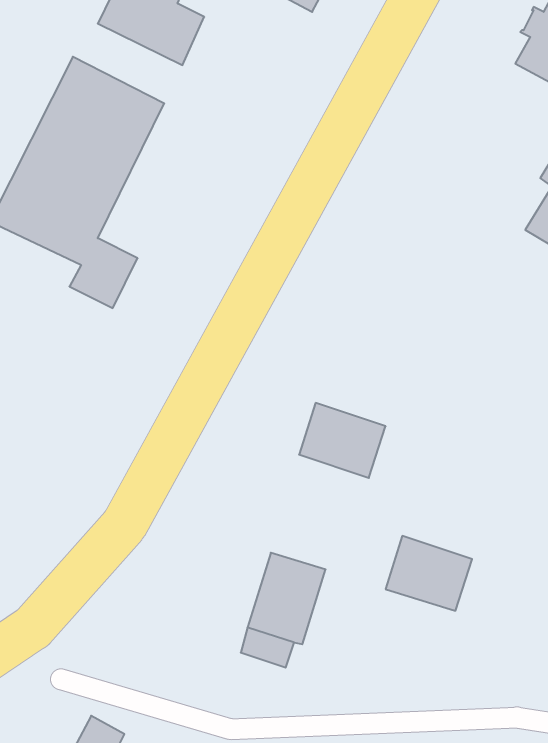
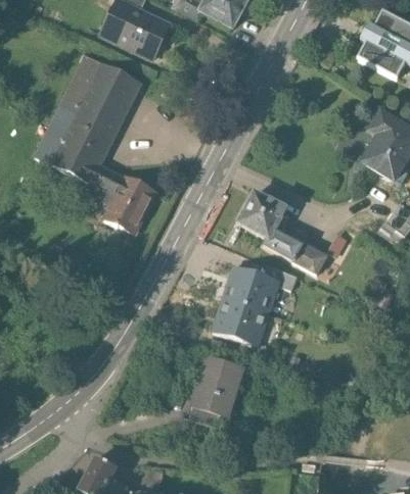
building: none -> [103,176,153,231]
building: none -> [238,190,327,270]
building: [386,536,472,611] -> [214,296,267,342]

